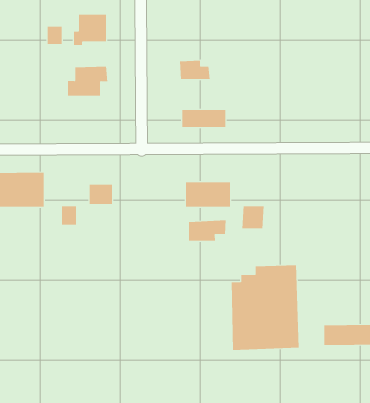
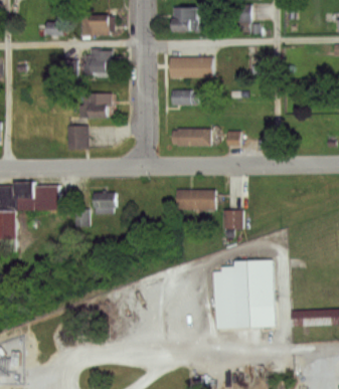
building: none -> [170,58,212,78]
building: none -> [67,126,88,150]
building: [188,220,226,242] -> none

